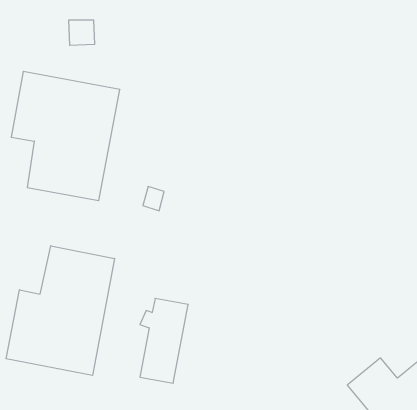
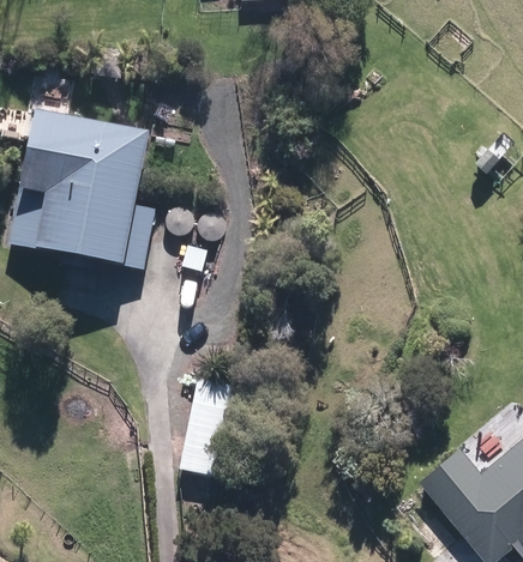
building: [6,246,115,375] -> none

